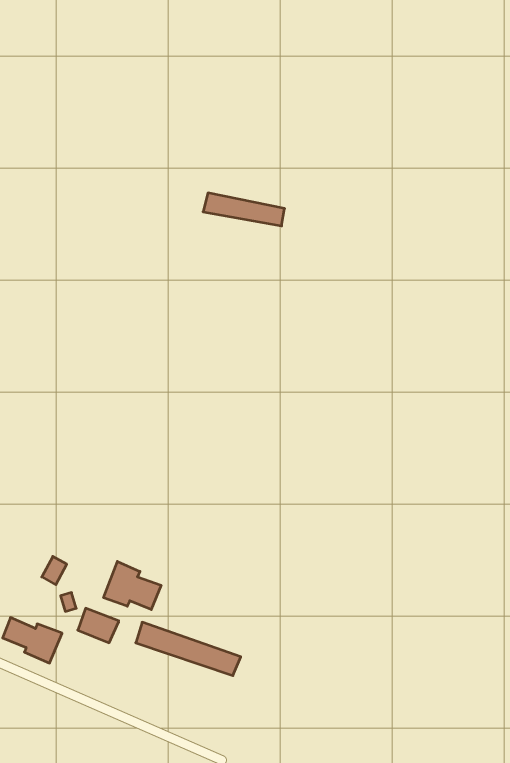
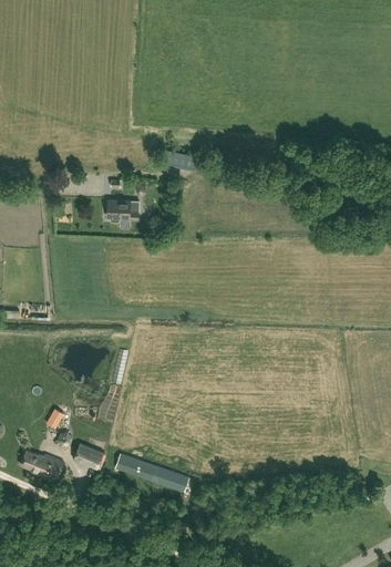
building: none -> [107,200,140,221]
building: [104,561,161,610] -> none

